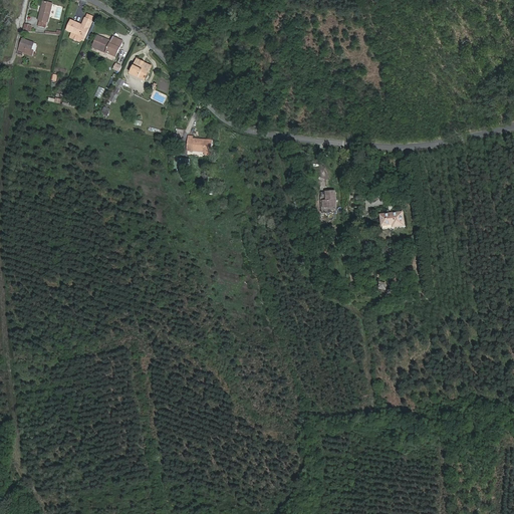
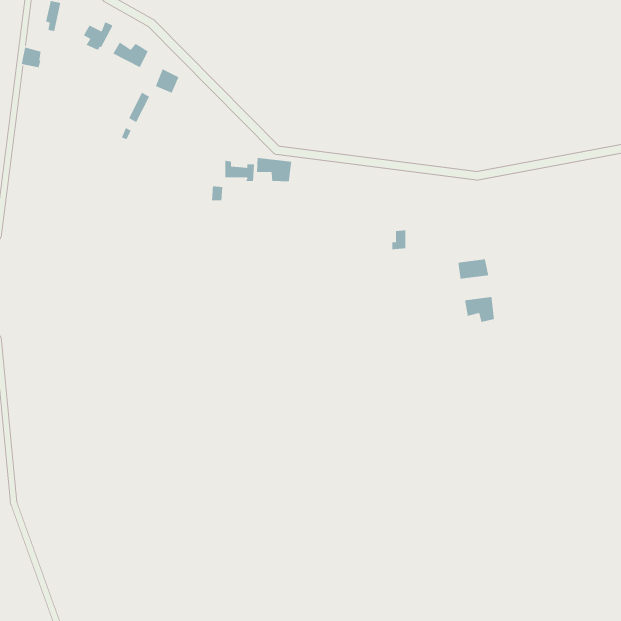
building: none -> [256,157,292,182]
building: none -> [464,296,495,323]

